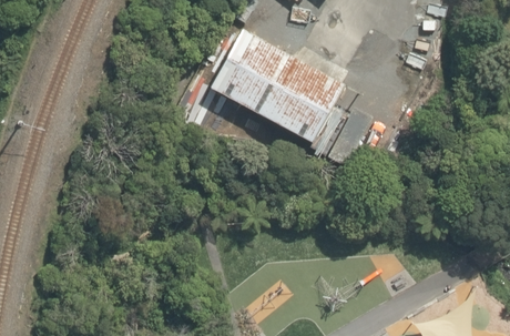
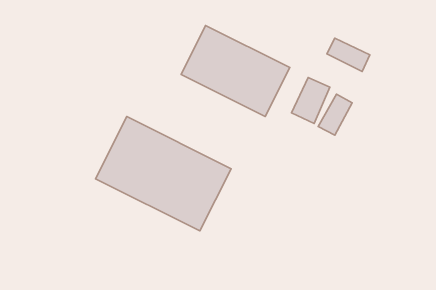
building: none -> [96,117,231,231]

